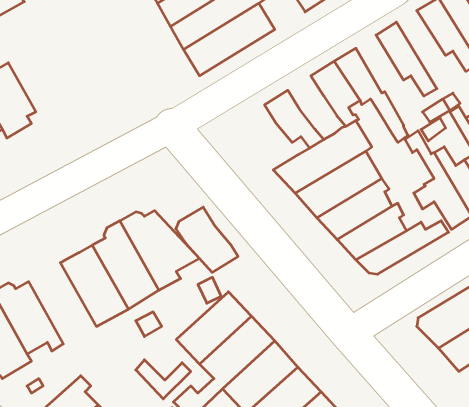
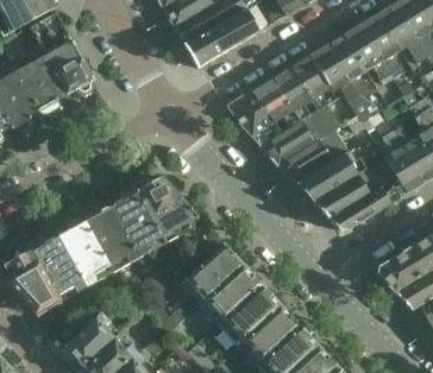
building: none -> [360,13,403,77]
building: none -> [327,33,376,107]
building: none -> [42,39,93,96]
building: none -> [271,67,312,110]
building: [176,207,238,272] -> [230,90,281,144]
building: none -> [58,220,114,286]

